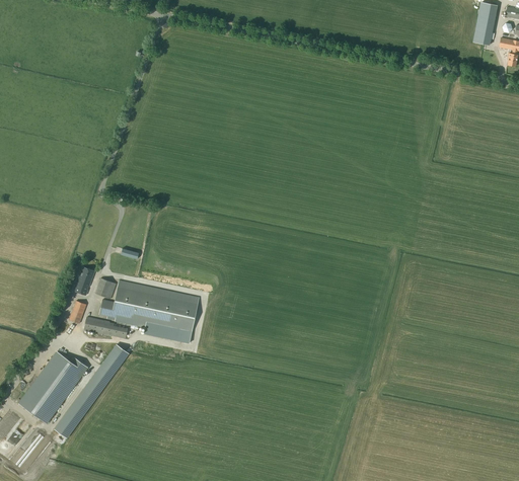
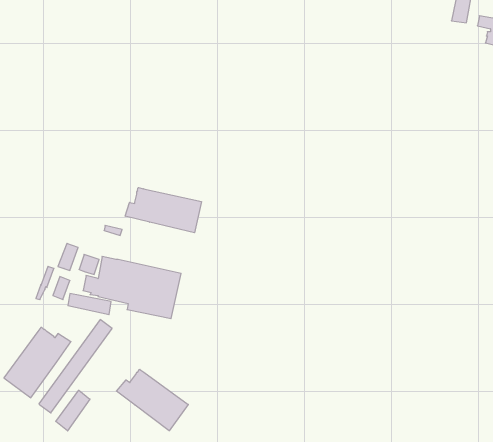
building: none -> [125,188,201,233]
building: none -> [116,369,188,431]
building: none -> [56,390,90,431]

